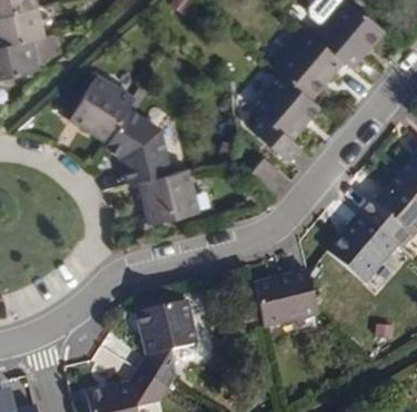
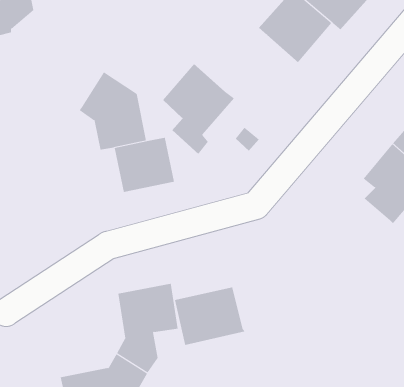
building: [69,71,133,140] -> none
building: [251,72,320,159] -> [162,63,235,155]
building: [327,216,398,287] -> none
building: [252,275,320,331] -> [174,287,246,346]

